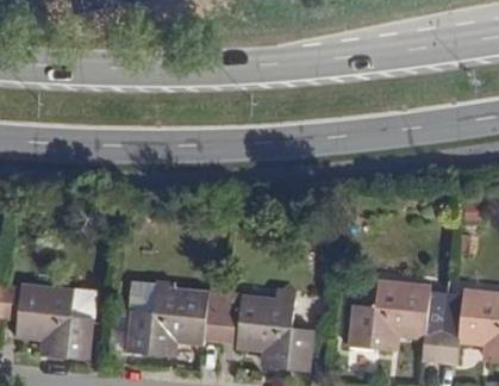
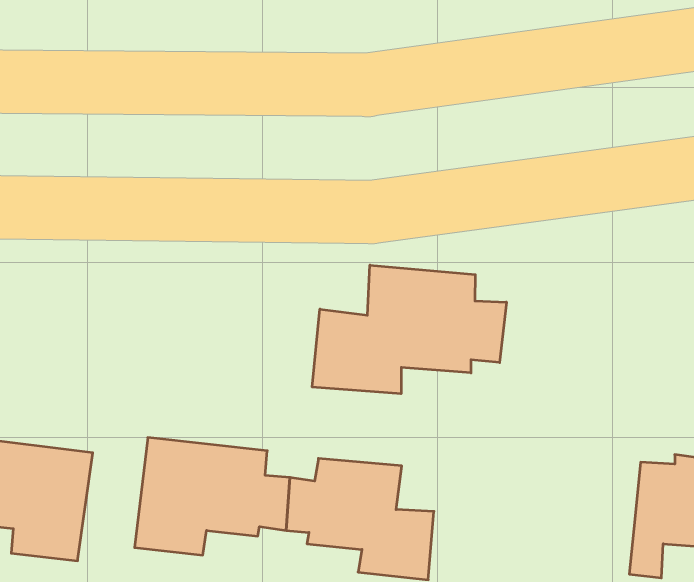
building: none -> [312,265,506,394]
building: [341,285,438,368] -> none

